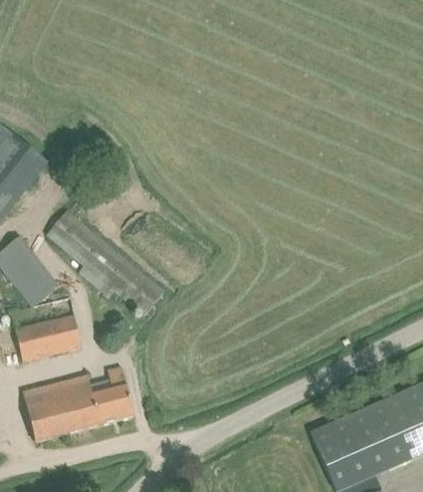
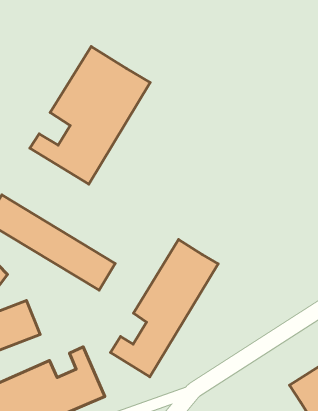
building: none -> [30,46,150,184]
building: none -> [110,240,218,377]

